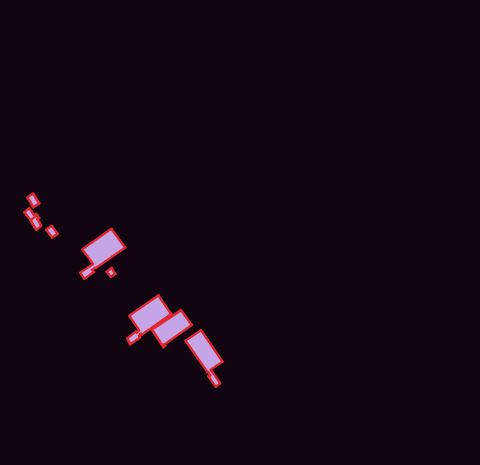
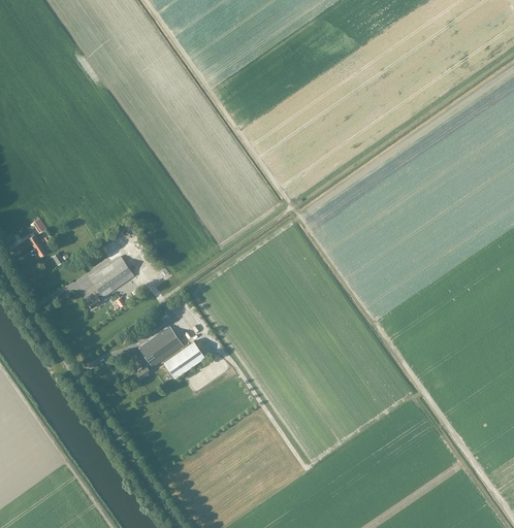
building: [186,330,223,387] -> none

